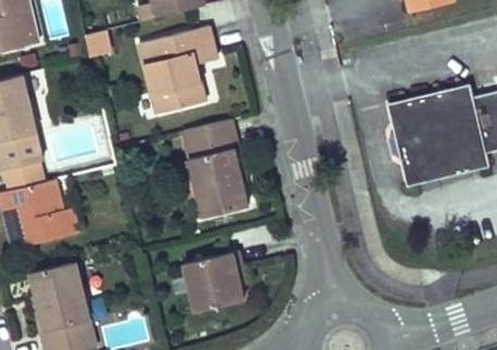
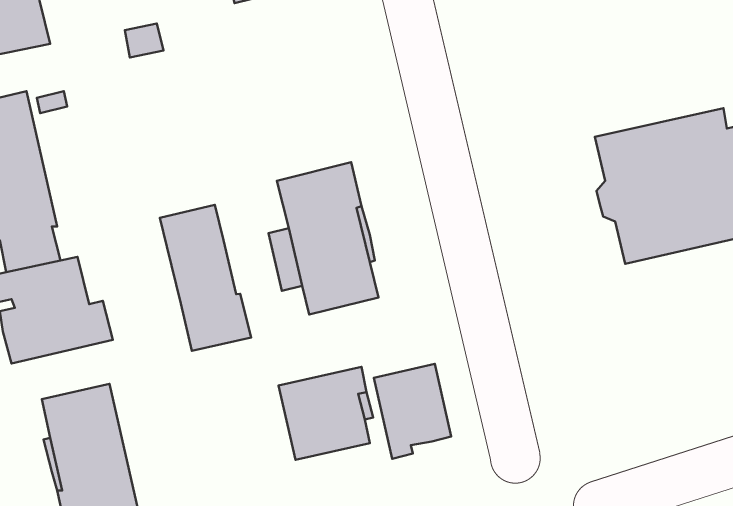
building: [140,25,218,113] -> none
building: none -> [160,205,251,351]
building: none -> [374,364,451,459]

